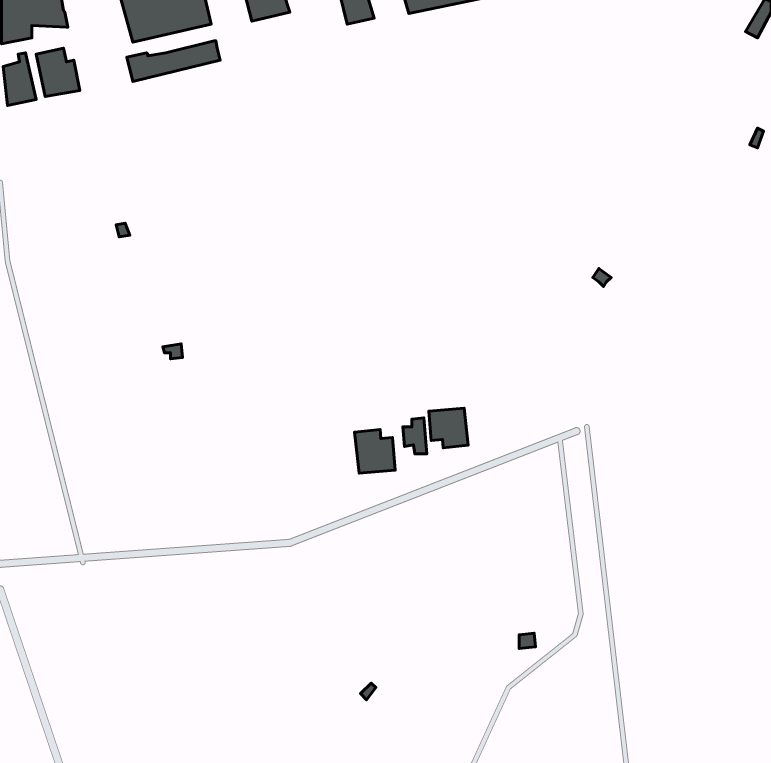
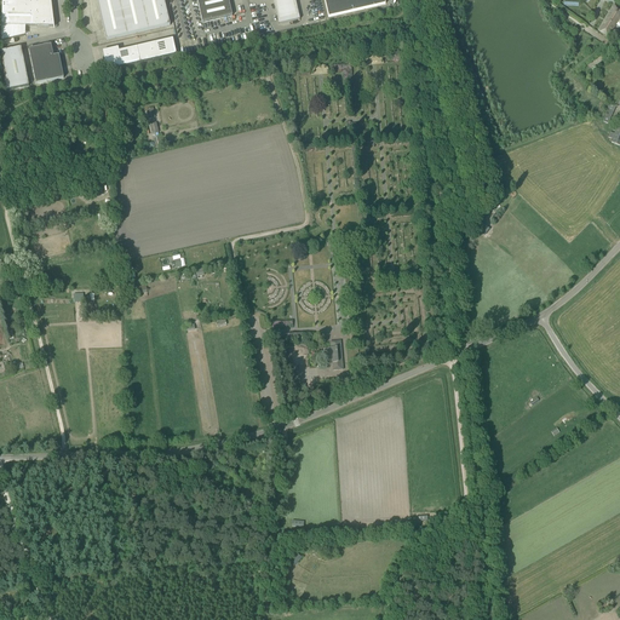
building: [429,408,468,448] -> none
building: [355,429,395,473] -> none

